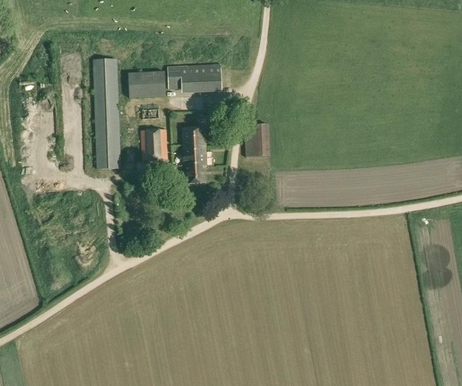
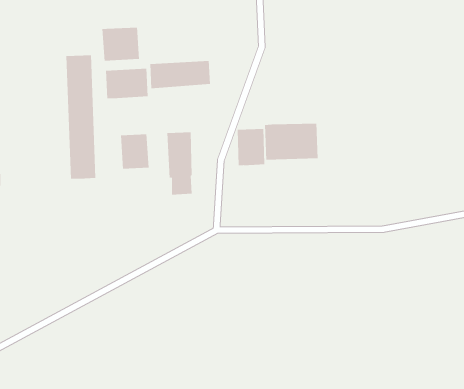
building: none -> [102,27,140,61]
building: none -> [264,123,318,160]

